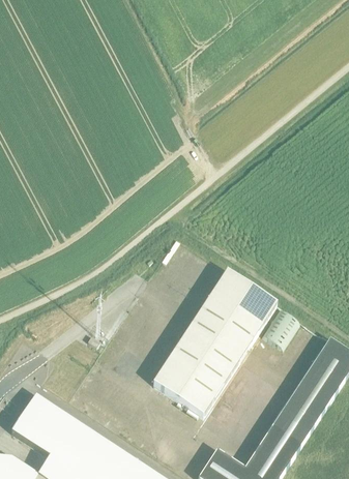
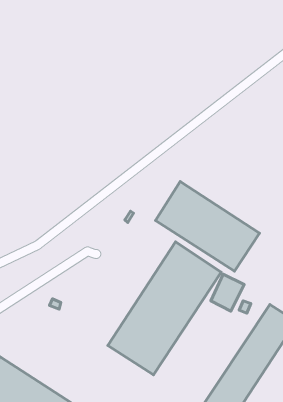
building: none -> [155,182,260,271]

